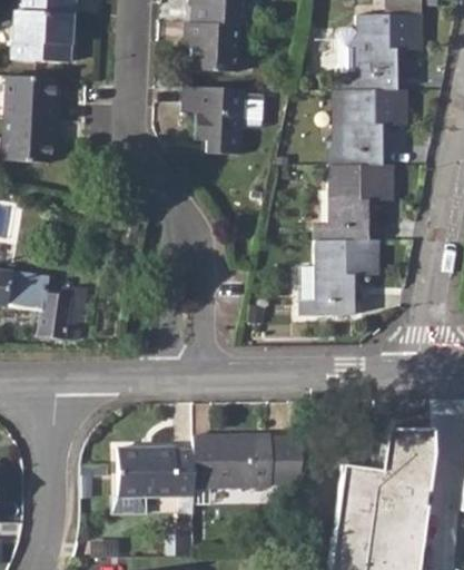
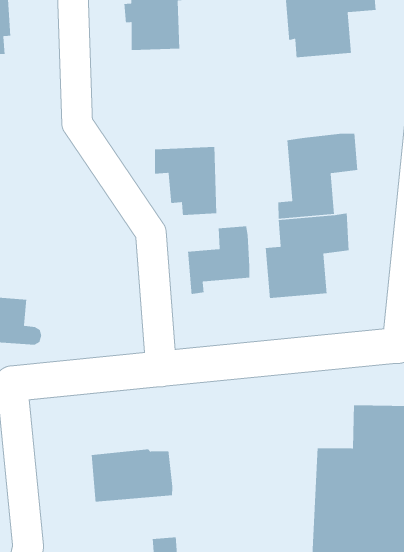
building: [184,87,244,154] -> [154,146,217,216]
building: [343,89,408,165] -> none
building: none -> [187,226,250,295]
building: [194,436,303,487] -> none

